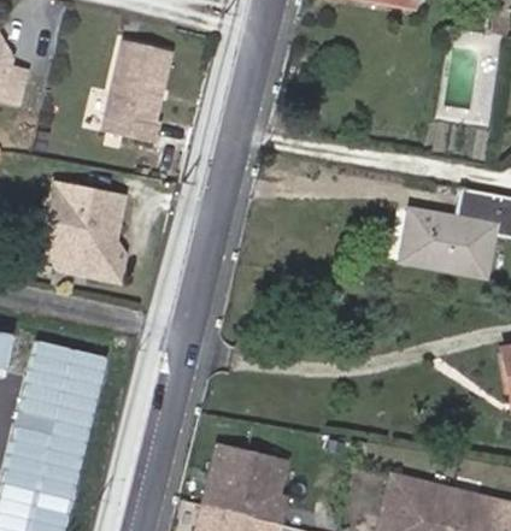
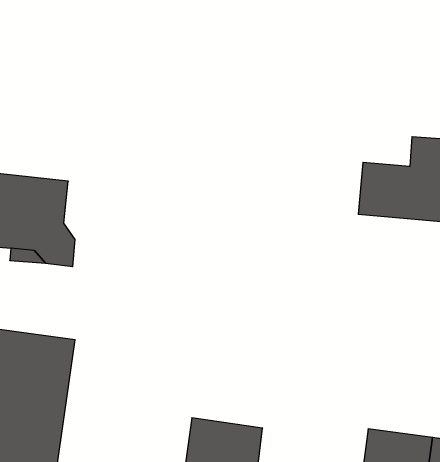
building: [100,37,169,141] -> none

